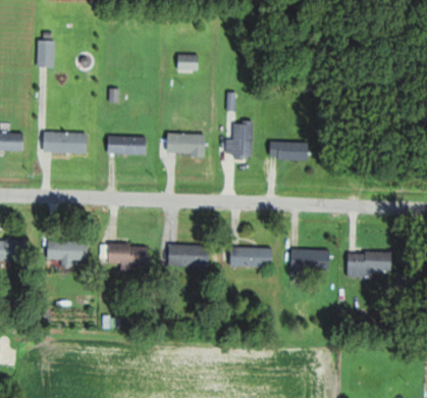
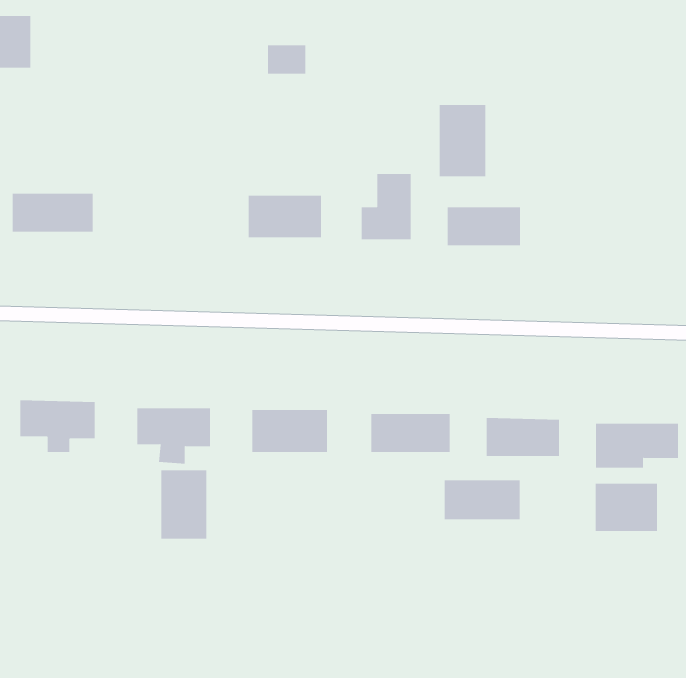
building: none -> [439,104,486,177]
building: [107,137,145,154] -> none
building: none -> [161,470,207,539]
building: none -> [444,479,520,520]
building: none -> [595,483,657,532]

